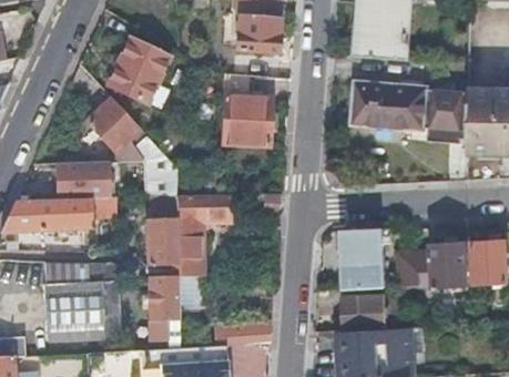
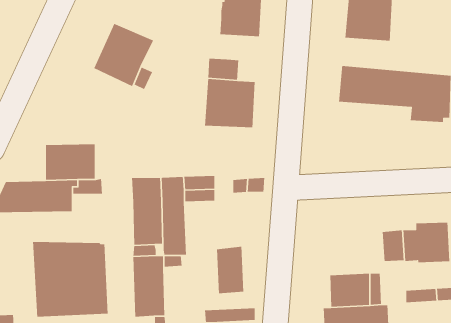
building: [84,101,175,196] -> none
building: [343,227,391,286] -> none
building: none -> [216,246,244,294]

